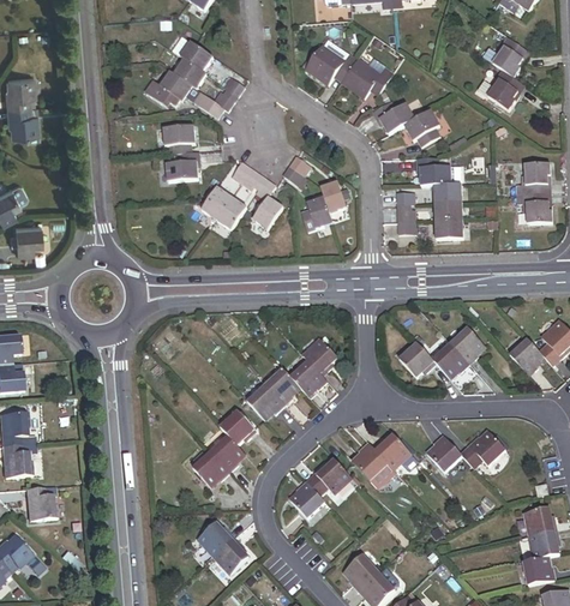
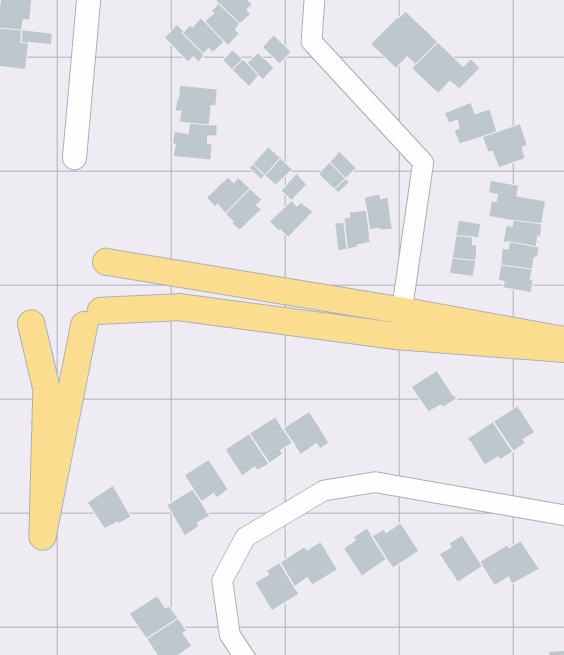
building: [301,336,336,374] -> none
building: [398,342,436,376] -> [411,370,457,412]
building: [192,450,228,485] -> [87,485,131,529]

